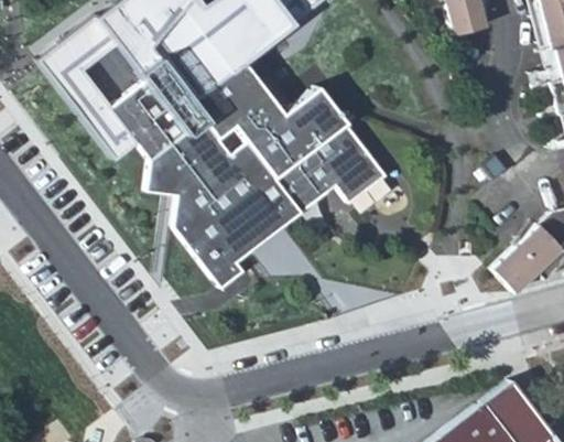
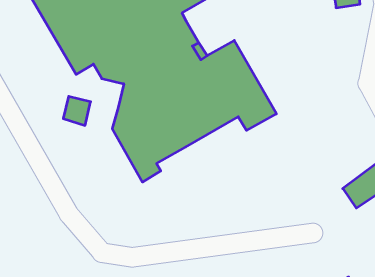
building: [153,162,186,197] -> [63,96,91,125]

